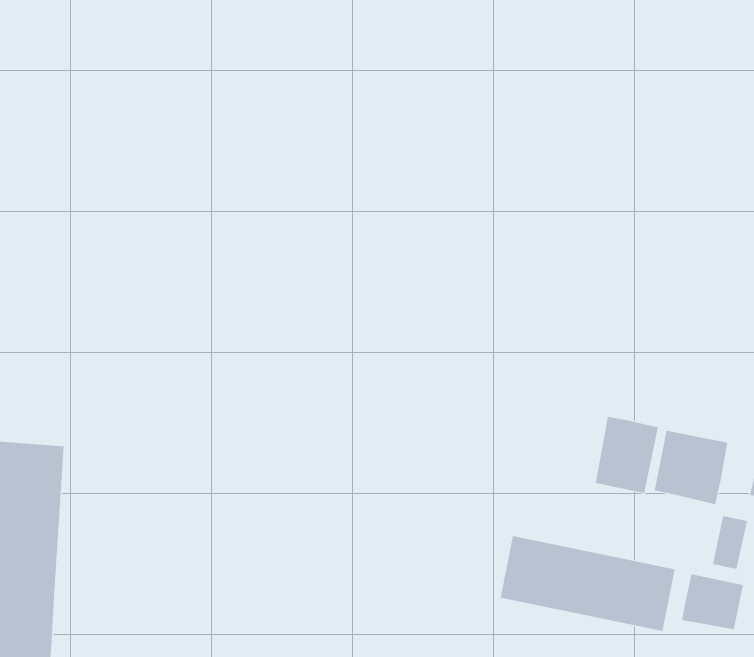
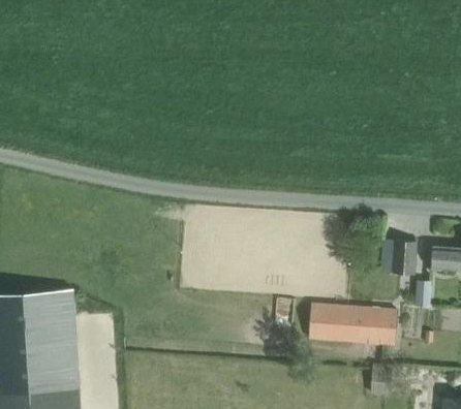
building: [595,416,659,494] -> none
building: [681,574,743,630] -> none

